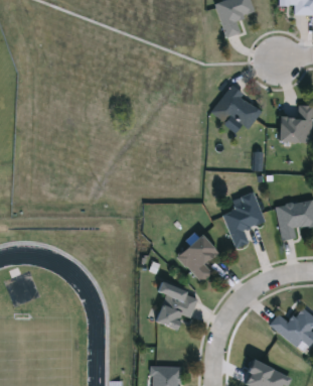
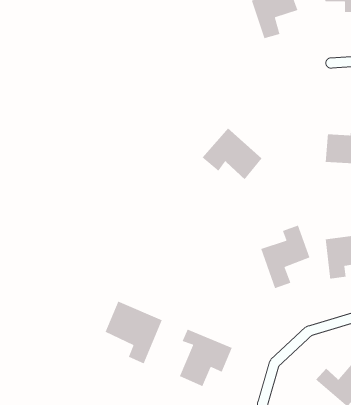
building: [210,86,262,130] -> [202,127,263,180]
building: [176,235,216,283] -> none
building: none -> [105,301,163,365]

